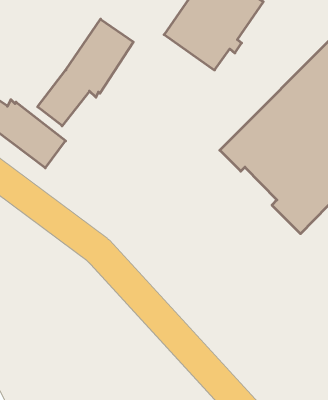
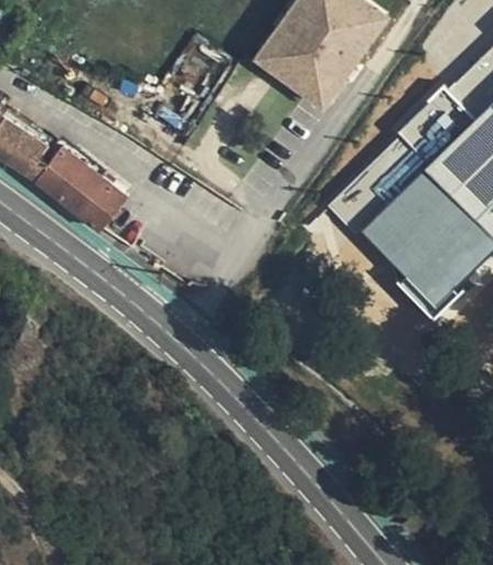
building: [38,19,133,126] -> none

